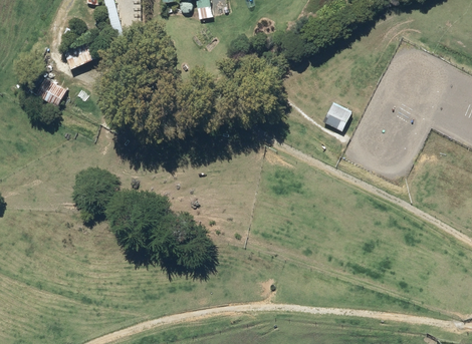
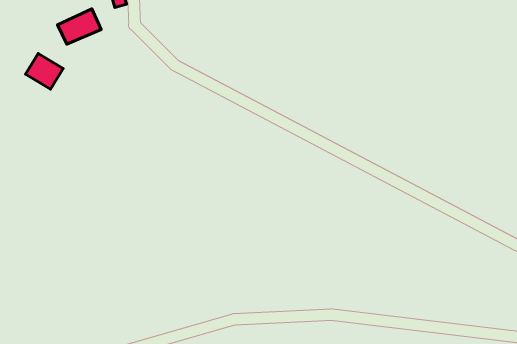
building: [323,103,351,131] -> none

